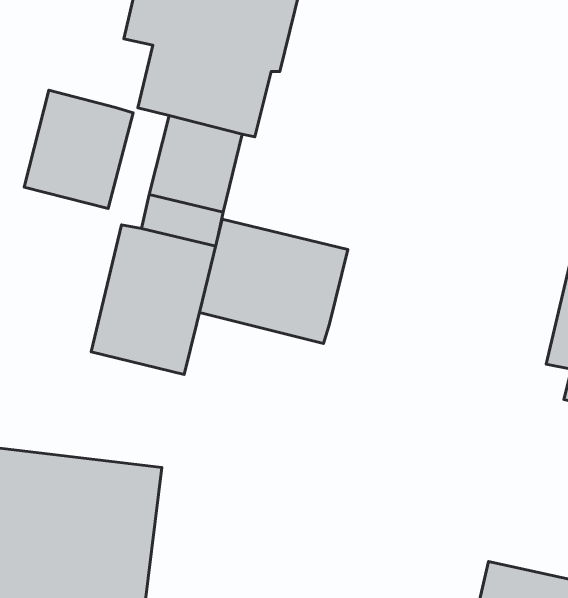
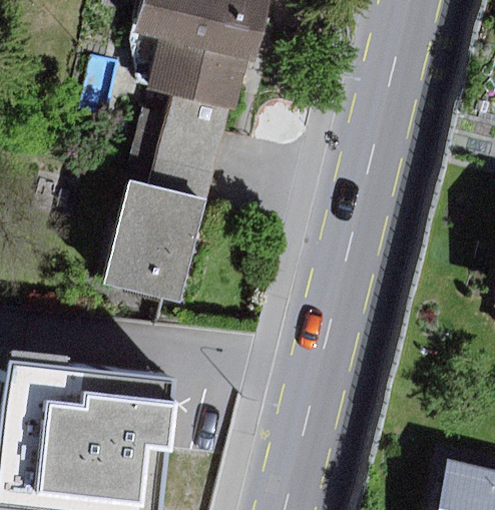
building: [24,90,133,208] -> none
building: [200,219,348,344] -> none

